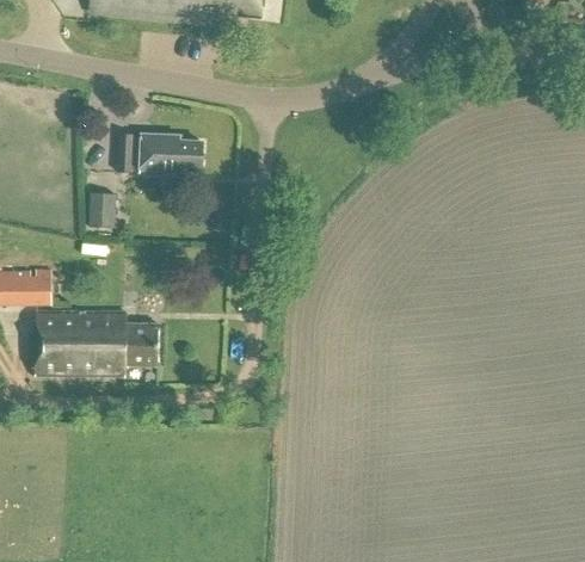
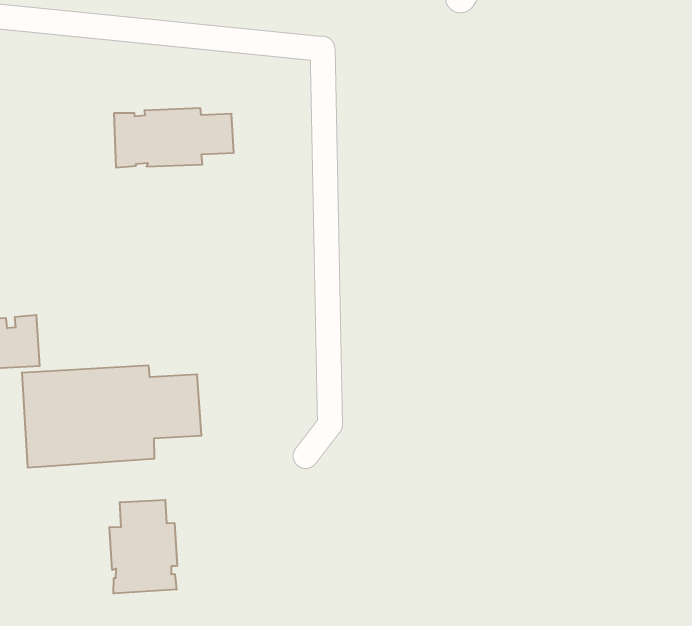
building: [87,193,115,228] -> none
building: none -> [109,500,177,594]

